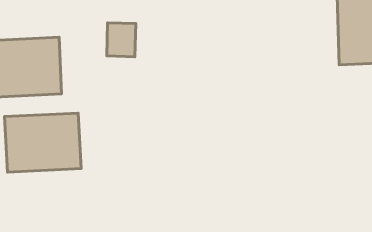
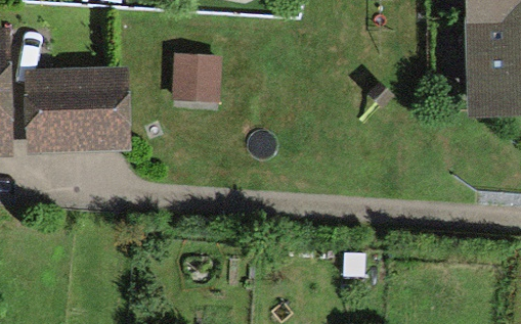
building: [4,113,81,172] -> none

